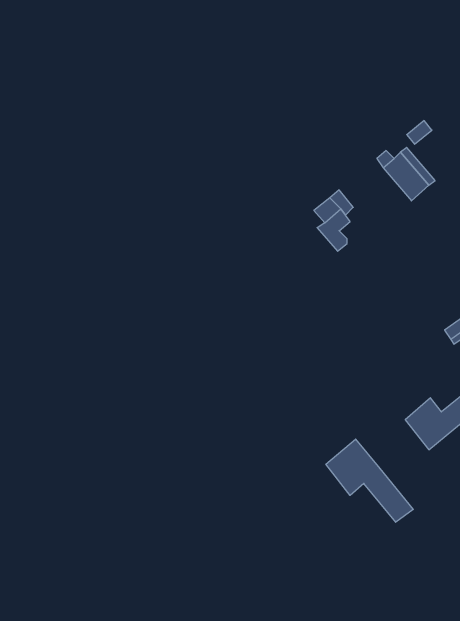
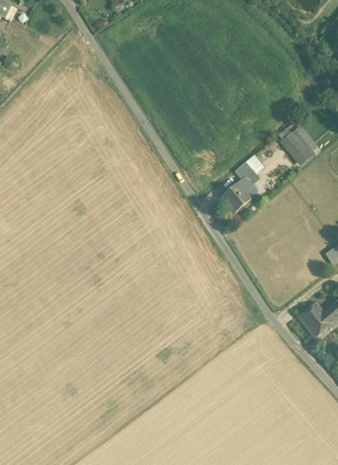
building: none -> [220,181,250,211]
building: [326,439,413,522] -> none

